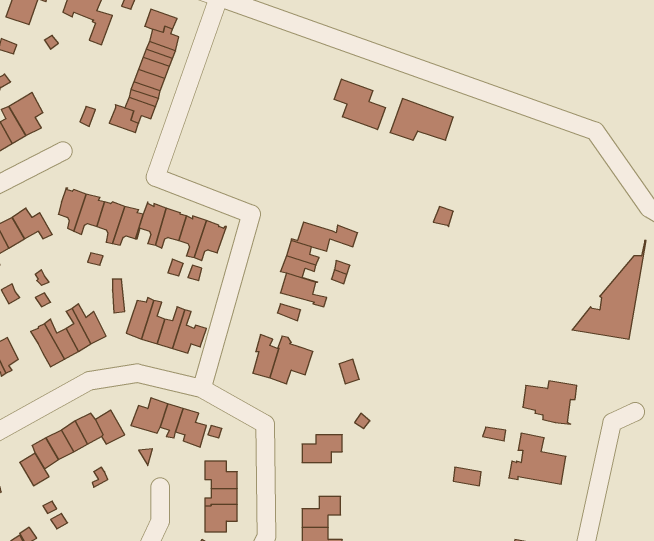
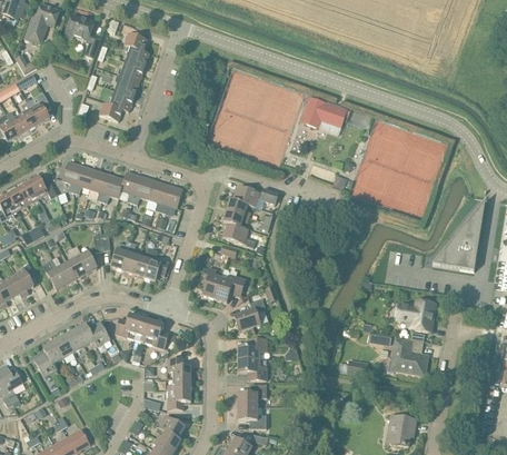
building: [334,79,385,130] -> none
building: none -> [233,298,266,330]
building: none -> [238,359,267,379]

